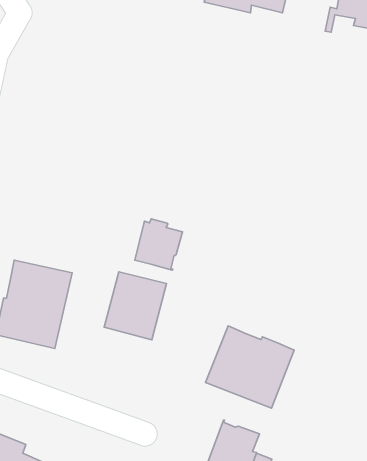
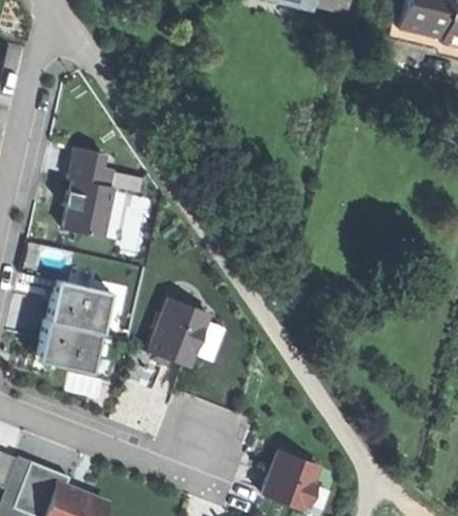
building: none -> [61,147,111,235]
building: [135,219,182,270] -> none
building: [205,326,294,408] -> none

